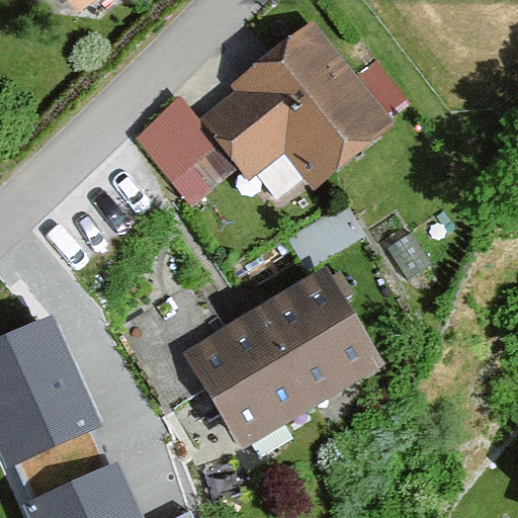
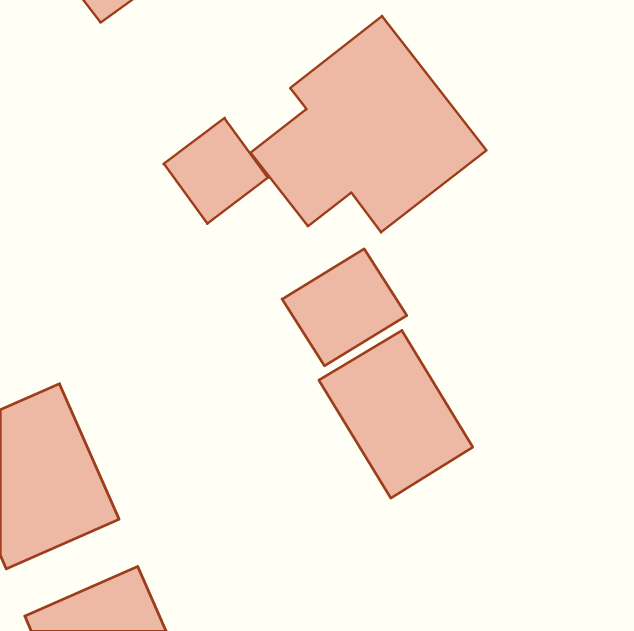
building: none -> [282,249,407,366]
building: [185,310,319,451] -> none

